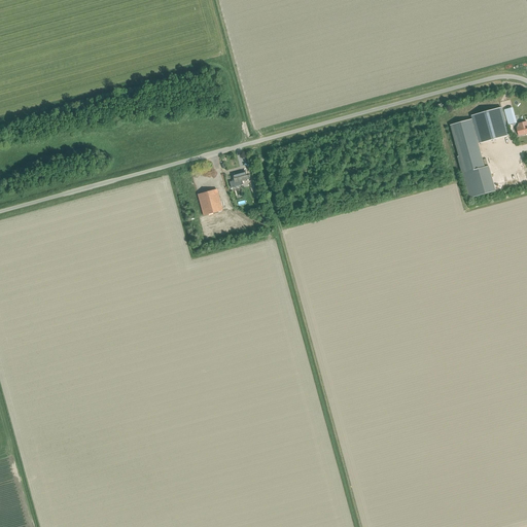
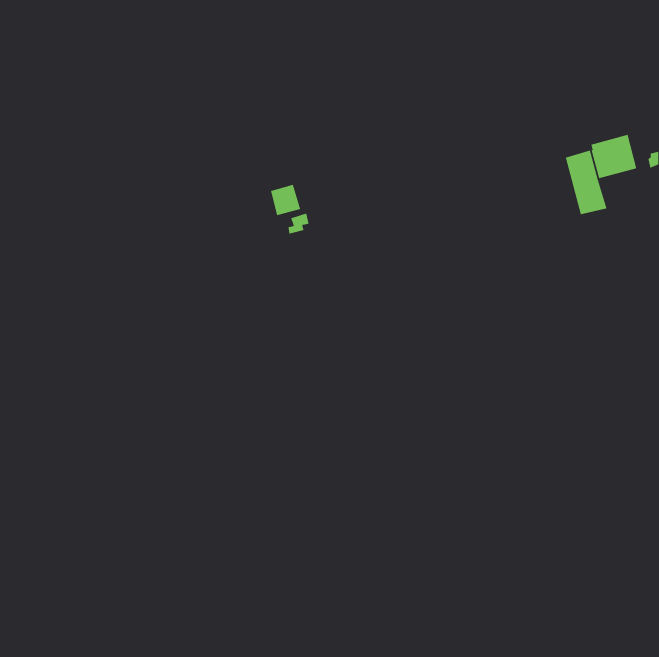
building: [463,165,495,198] -> none
building: [198,188,222,214] -> [270,184,301,216]

